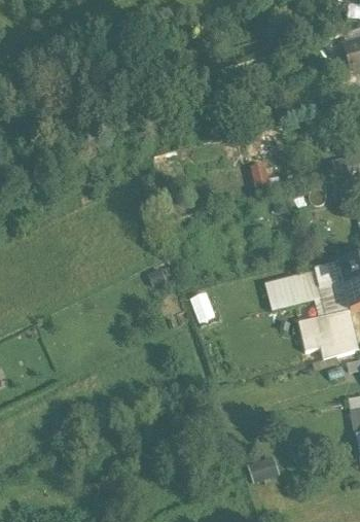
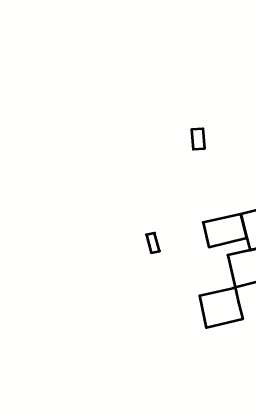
building: none -> [200,287,243,328]
building: [247,454,279,479] -> none

